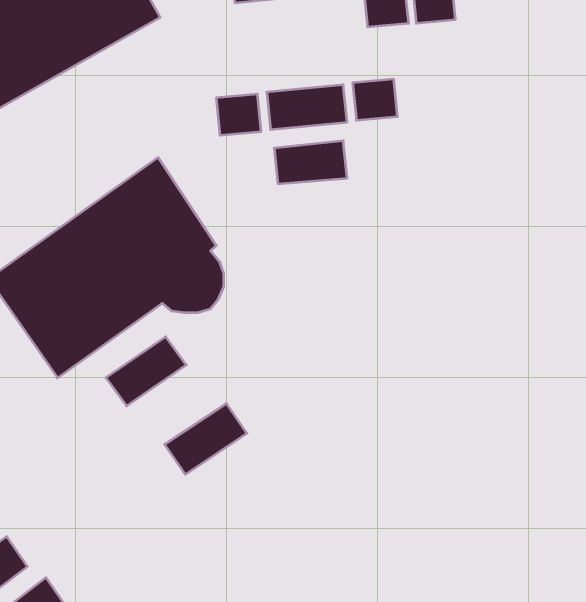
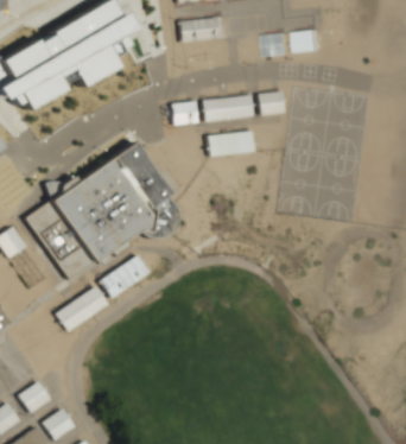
building: [165,403,247,474] -> [53,286,106,331]

